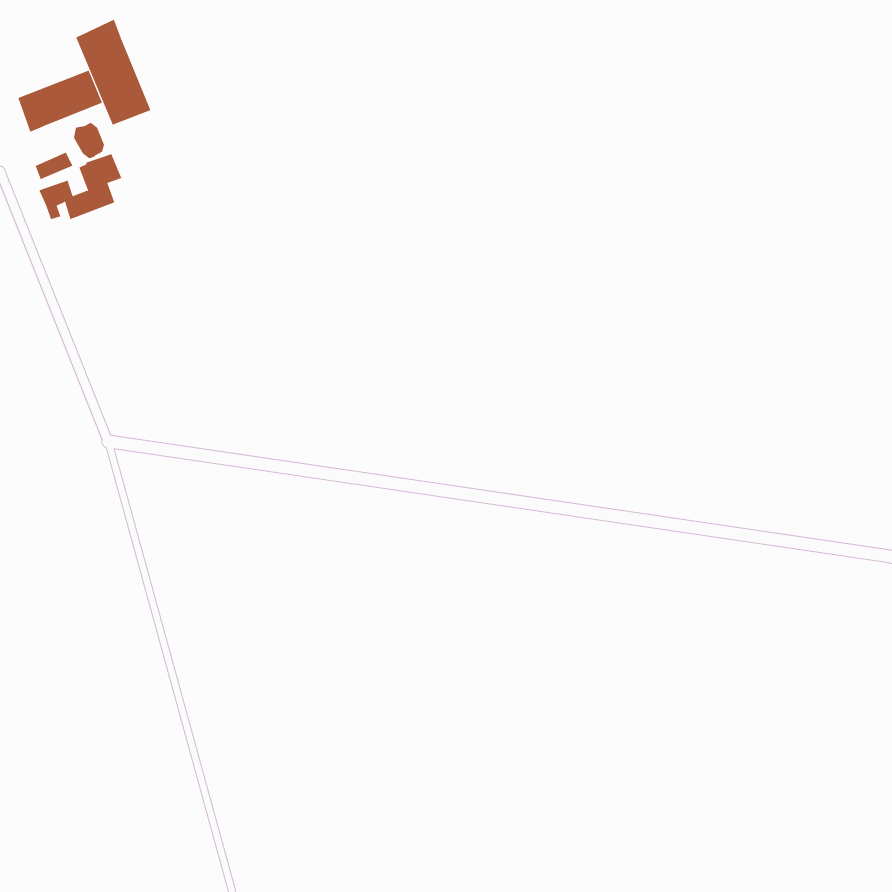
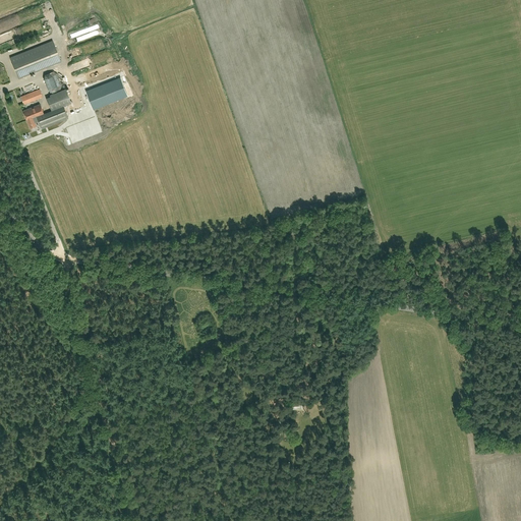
building: [75,19,151,126] -> none
building: none -> [88,80,123,107]

